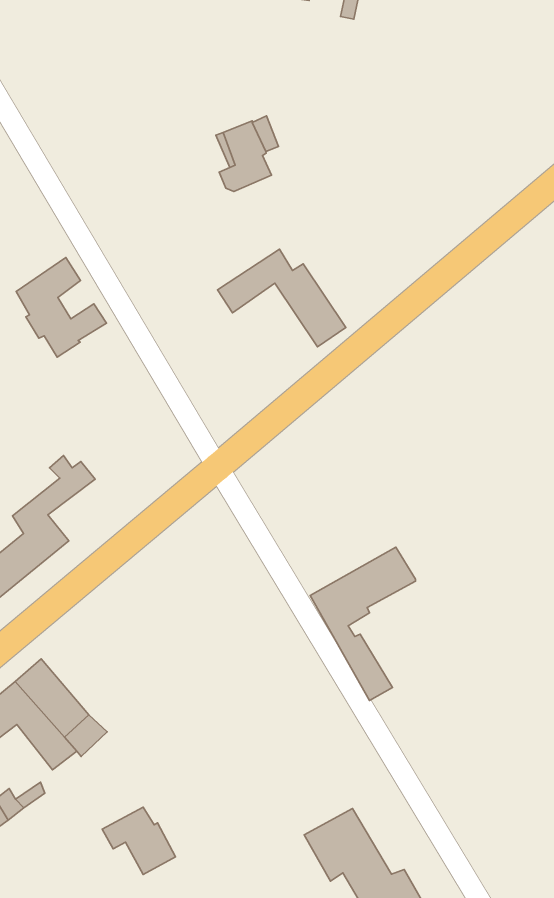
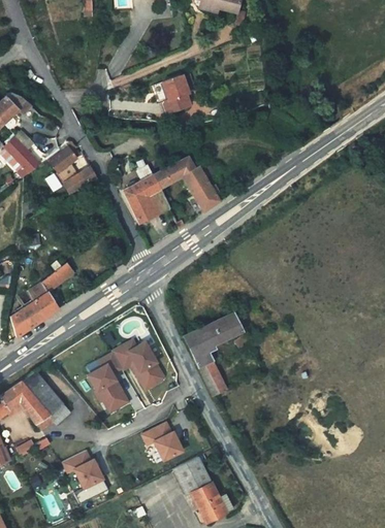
building: none -> [122,159,169,219]
building: none -> [93,344,169,417]
building: none -> [145,429,184,466]

